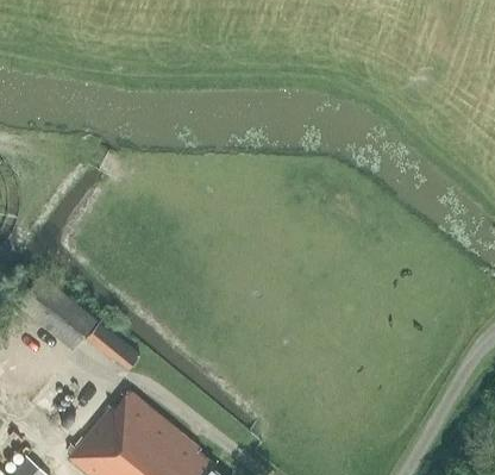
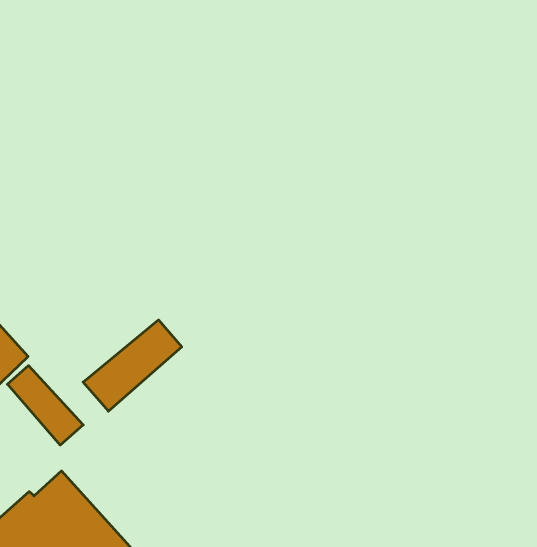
building: none -> [83,320,182,411]

